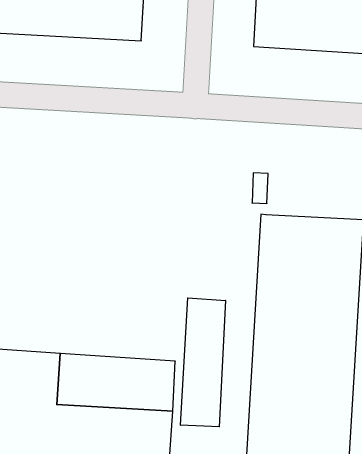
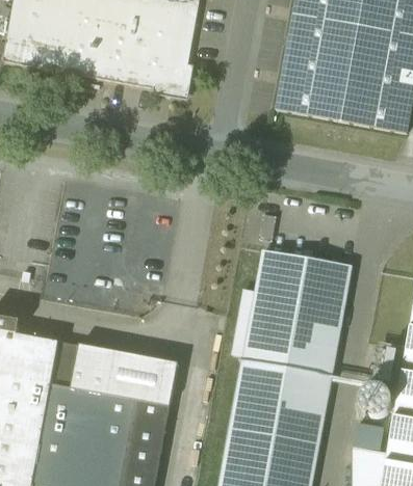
building: [181,298,225,427] -> none

